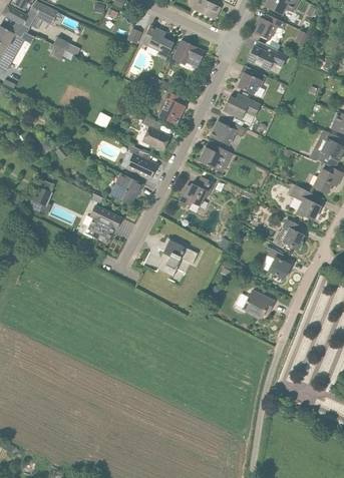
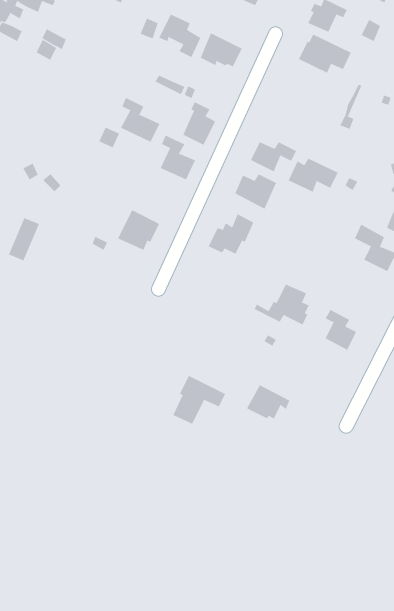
building: [239,65,267,94] -> none
building: [224,93,262,119] -> [288,158,338,192]
building: [127,144,157,178] -> [120,97,160,142]
building: [84,204,122,243] -> none
building: [263,218,305,250] -> [254,284,310,325]
building: [158,238,199,276] -> [172,375,226,424]
building: [243,290,276,316] -> [246,384,290,419]

